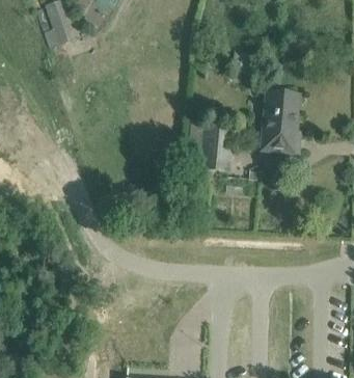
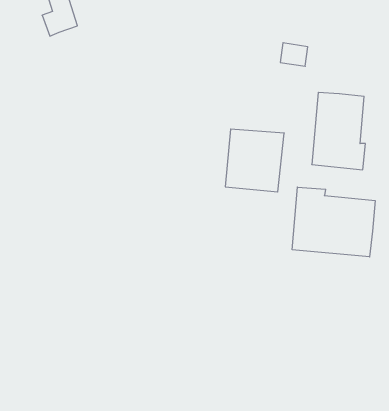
building: none -> [292,187,375,257]

